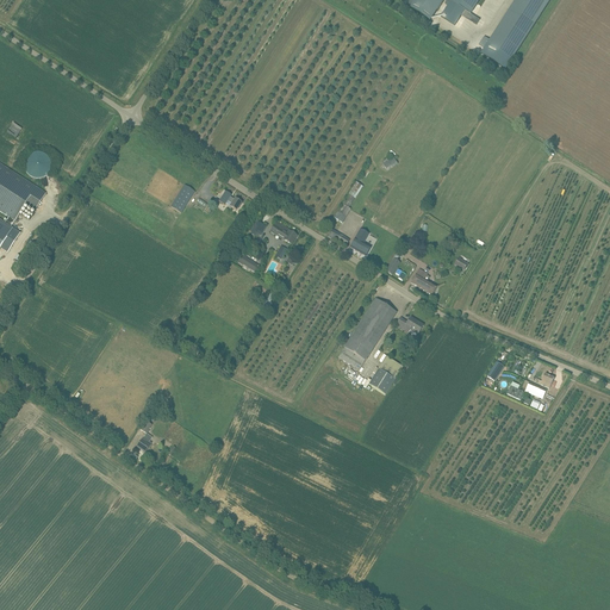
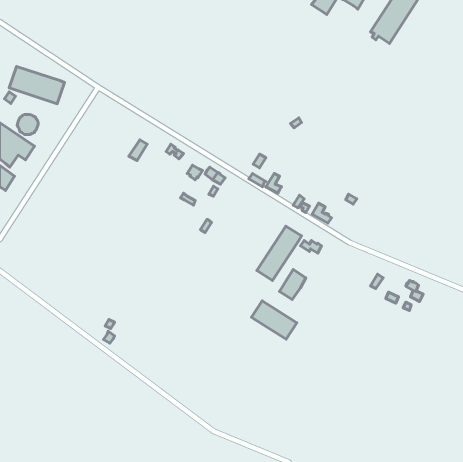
building: none -> [9,66,64,104]
building: none -> [252,301,297,339]

